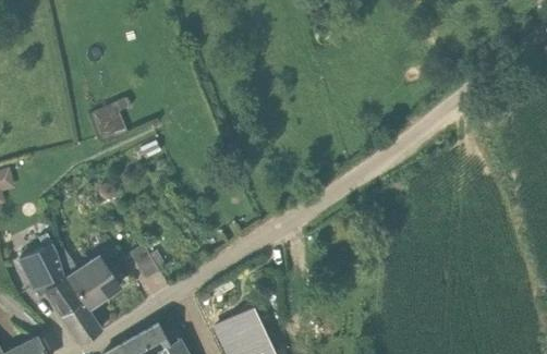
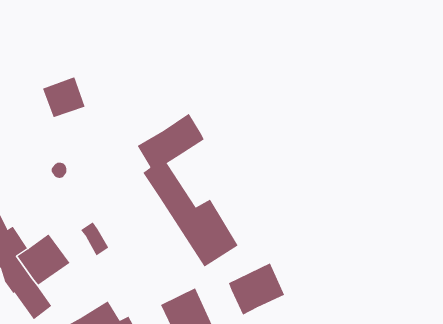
building: none -> [137,113,238,267]
building: none -> [228,262,285,316]

